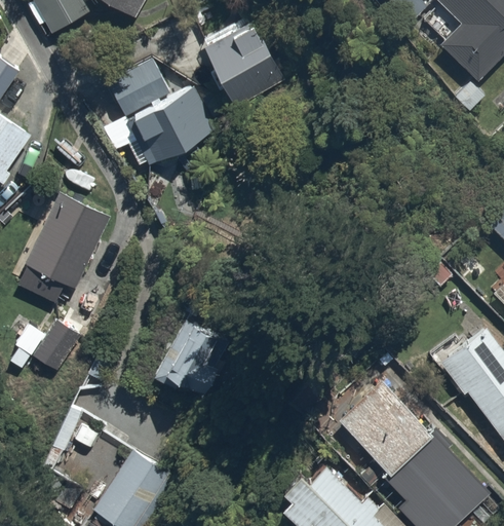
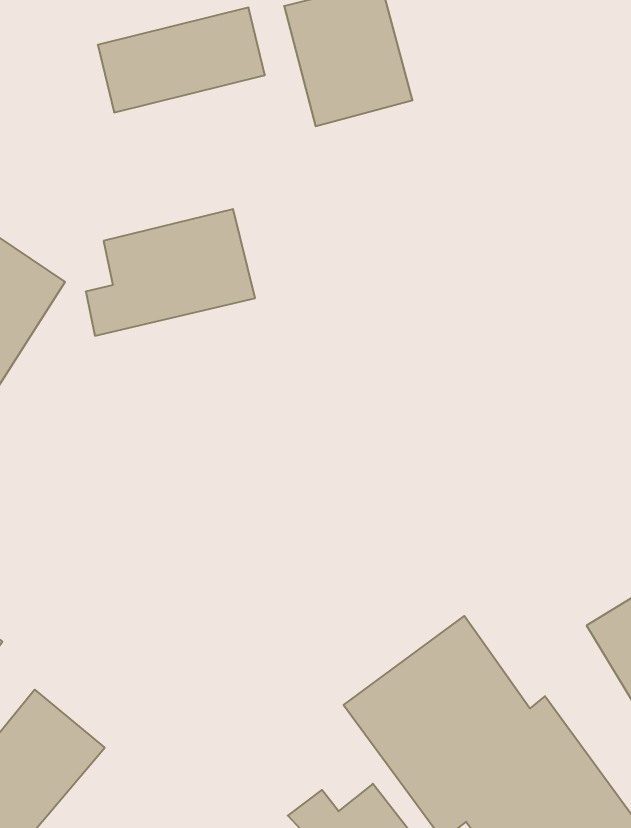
building: [130,87,225,171] -> [86,209,255,336]
building: [161,317,222,396] -> none

